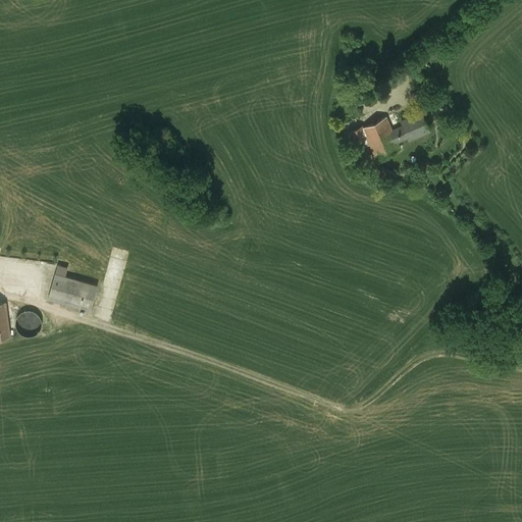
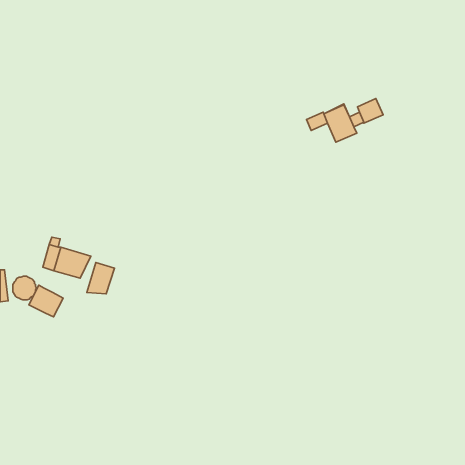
building: none -> [87,262,115,294]
building: none -> [29,285,63,317]

